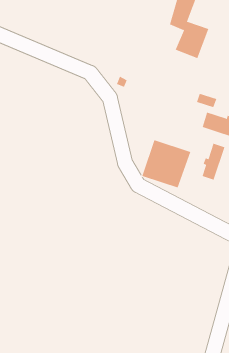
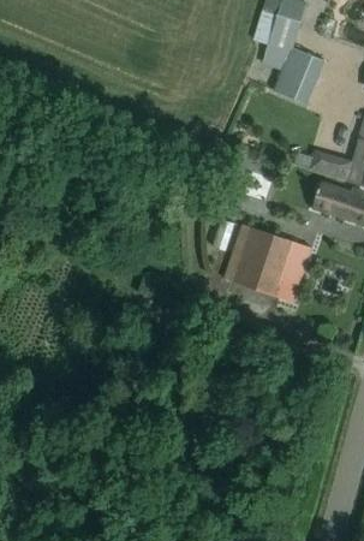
building: [202,143,225,181] -> none

